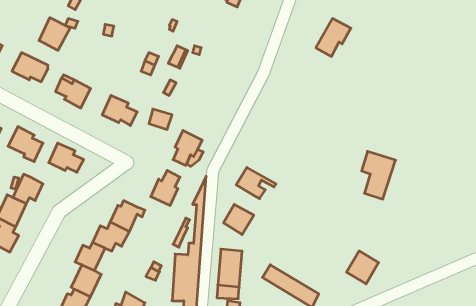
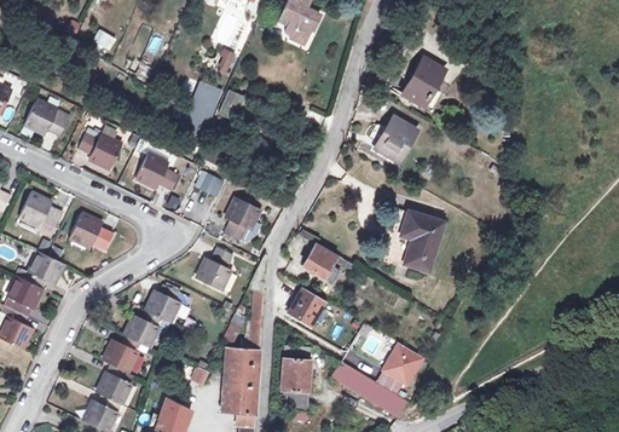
building: [39,18,70,50] -> none
building: none -> [376,117,416,161]
building: [362,151,396,199] -> [401,212,444,271]
building: [347,251,379,284] -> [383,342,423,384]

